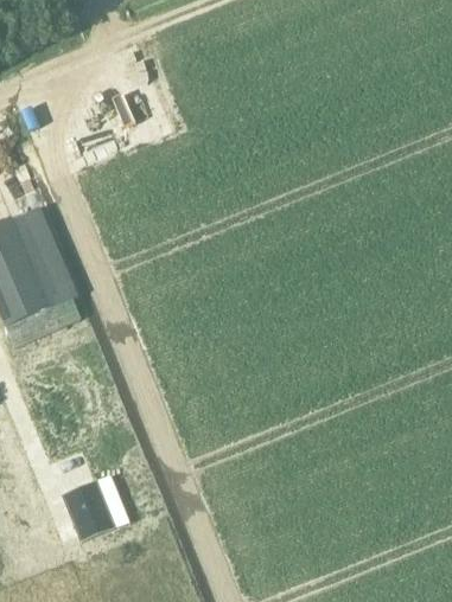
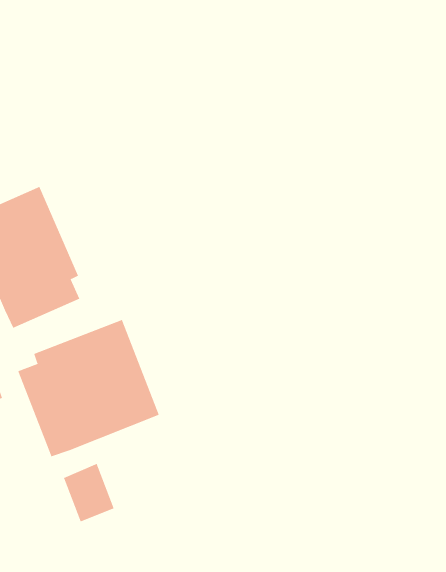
building: none -> [17,319,159,457]

